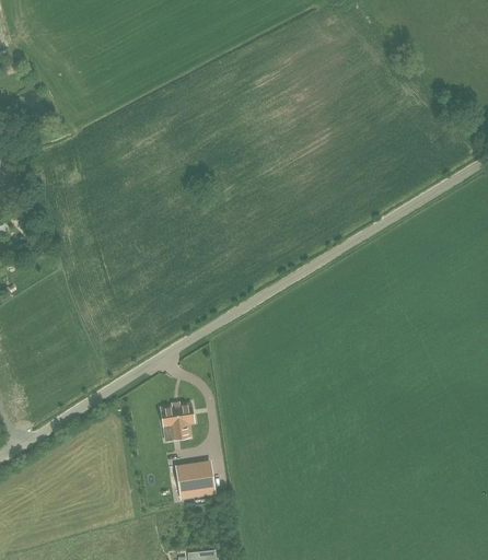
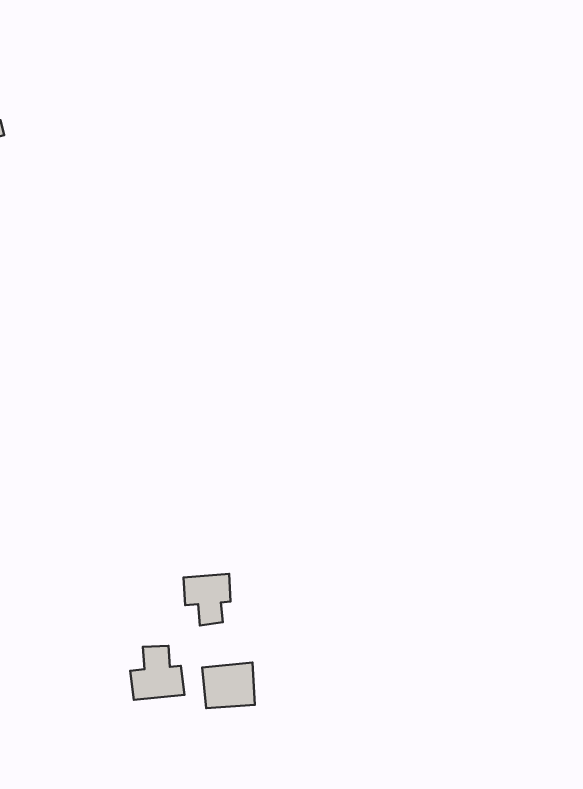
building: none -> [130,646,184,700]

